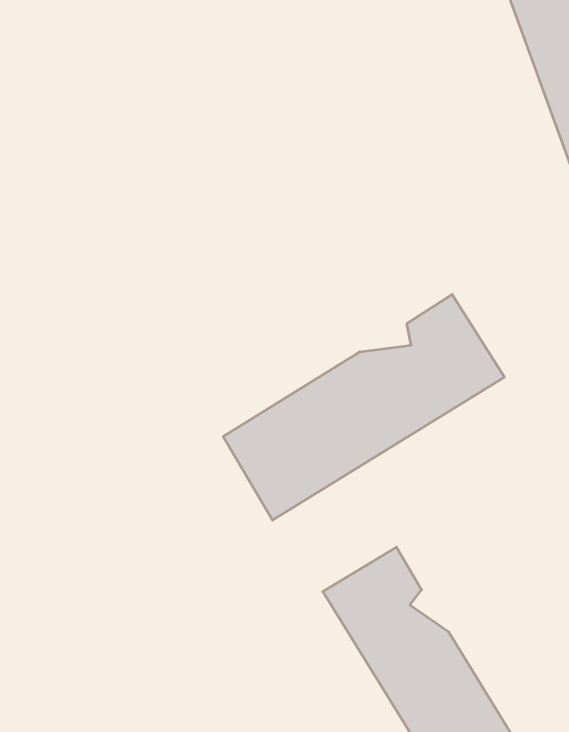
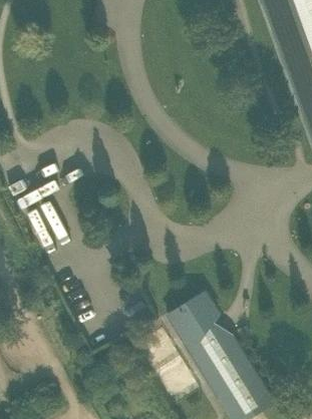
building: [223,294,504,520] -> none

